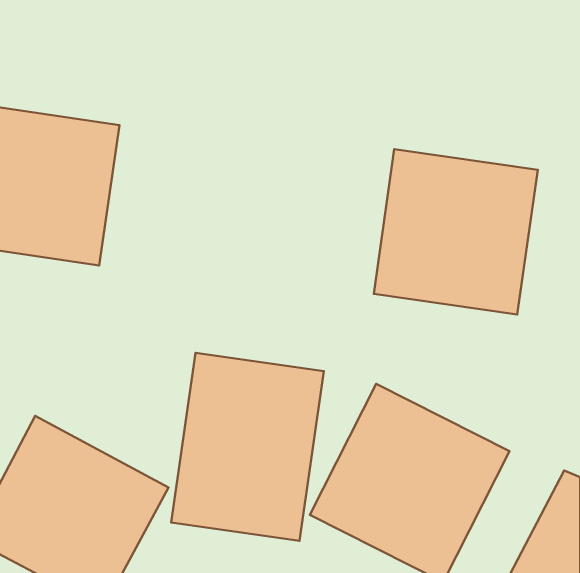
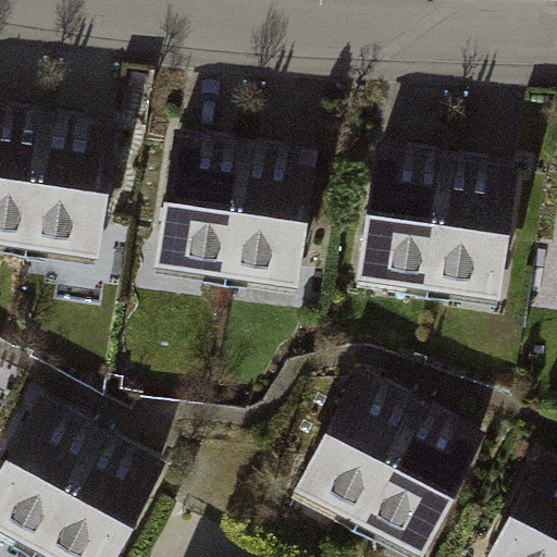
building: none -> [149,137,314,295]
building: [171,353,324,541] -> none

